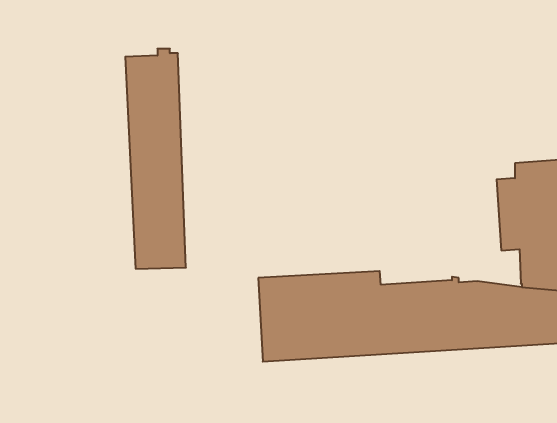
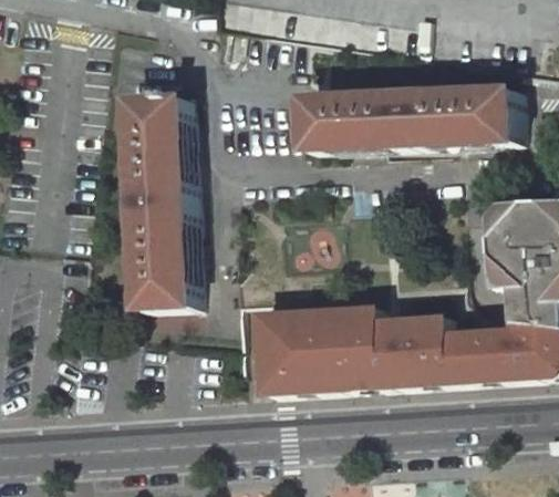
building: none -> [302,90,510,147]

